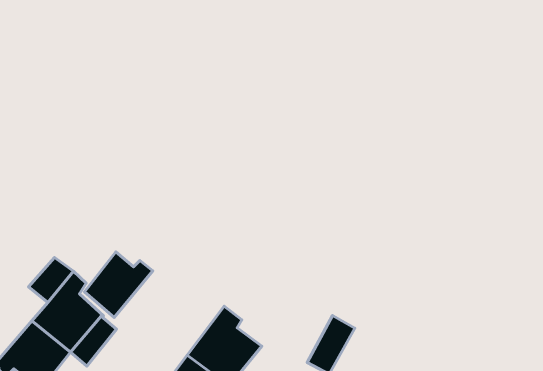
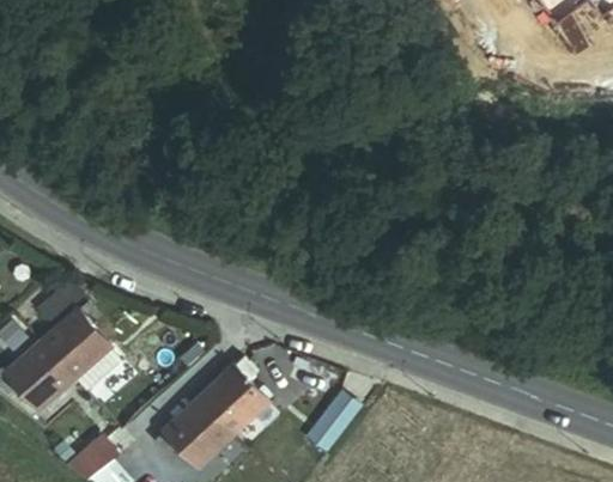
building: [84,252,153,317] -> none

